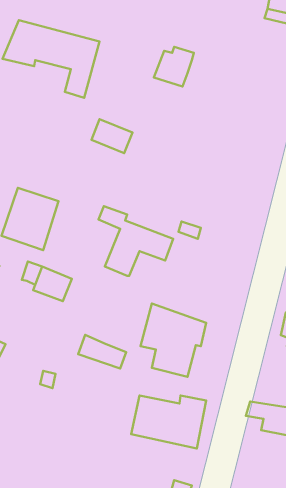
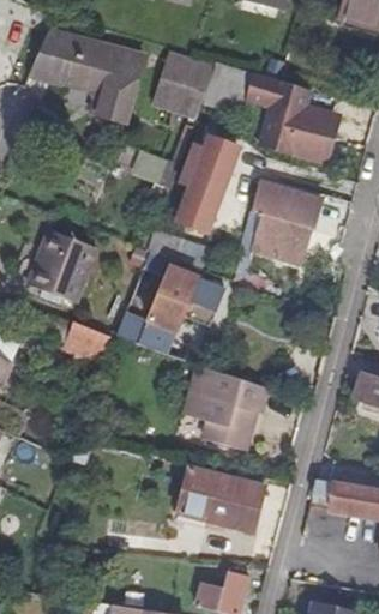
building: none -> [152,49,200,112]
building: none -> [243,78,323,159]
building: none -> [178,136,236,217]
building: none -> [249,191,330,264]
building: [78,335,126,369] -> [116,311,173,350]

